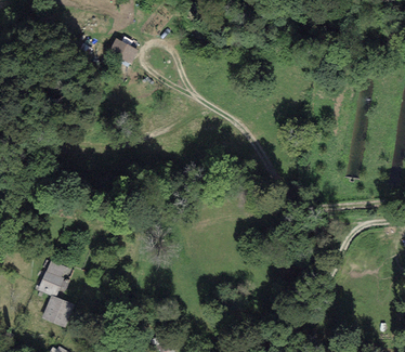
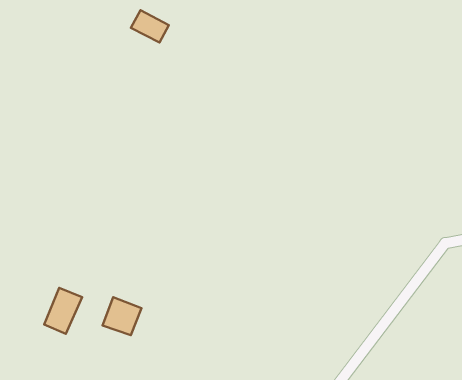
building: [43,295,75,325] -> [102,297,142,335]

